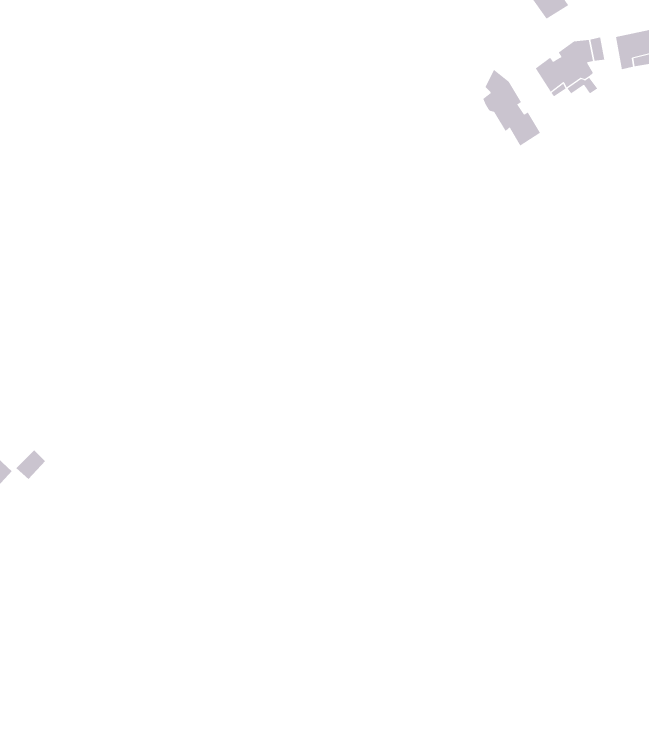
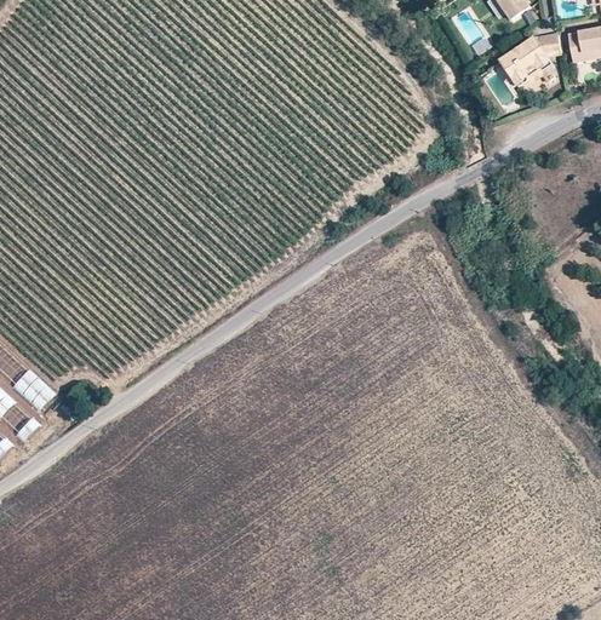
building: [482,69,541,147] -> none

